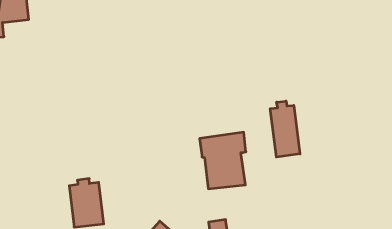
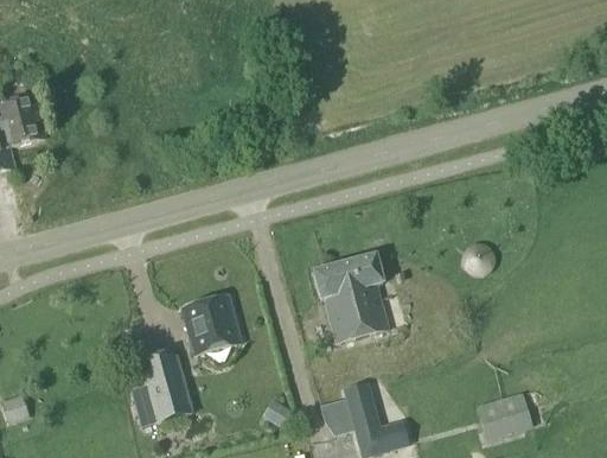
building: [270,101,300,157] -> none
building: none -> [181,293,239,354]

